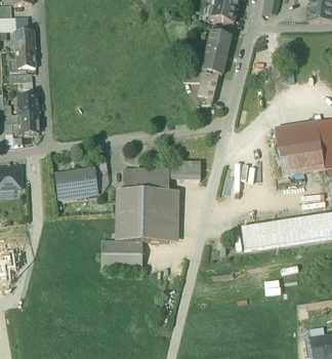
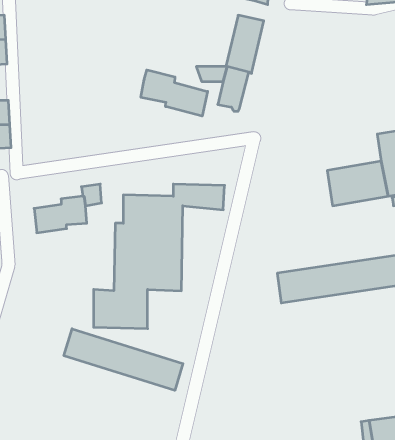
building: none -> [141,70,208,116]
building: [275,120,320,148] -> none
building: none -> [64,329,183,390]

